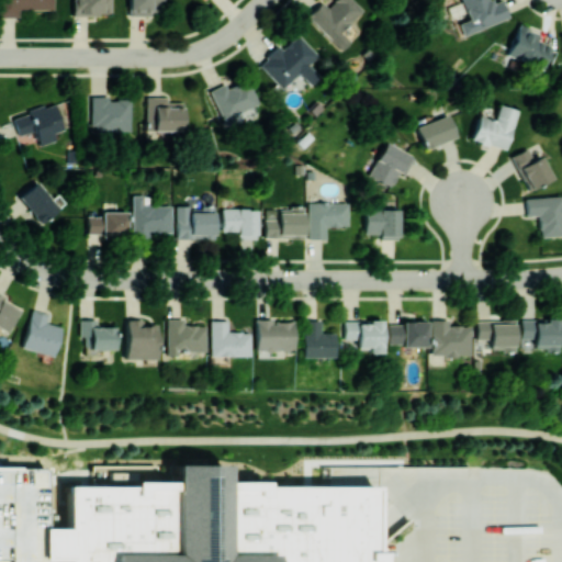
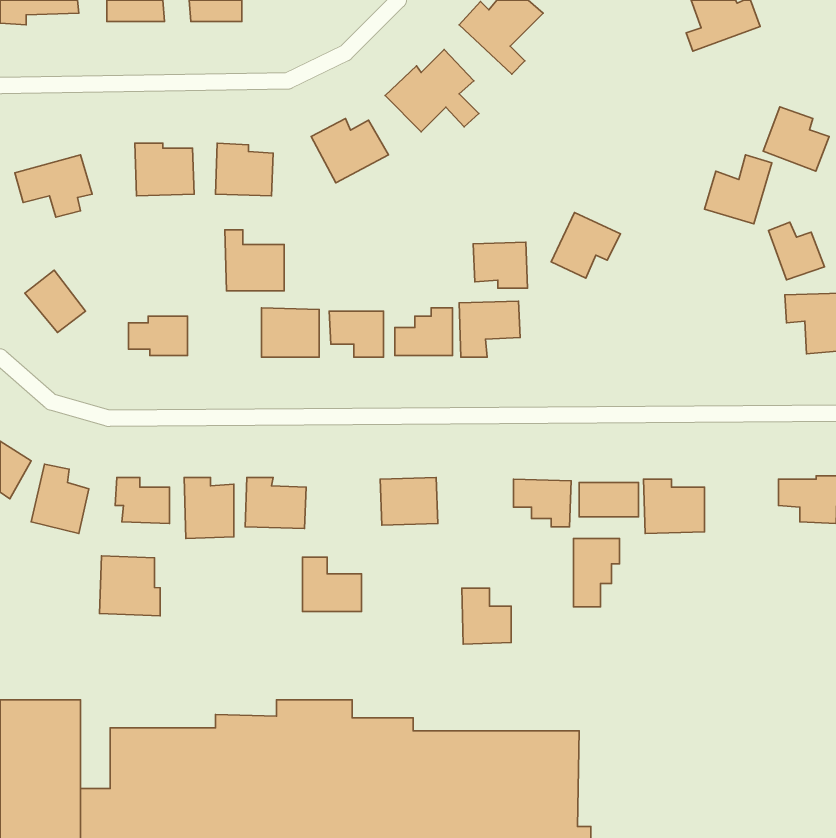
building: [509,26,553,69] -> [763,107,829,171]
building: [417,115,459,150] -> none
building: [133,196,172,237] -> [225,230,284,291]
building: [366,210,402,240] -> [473,242,528,288]
building: [212,322,251,358] -> [302,557,362,612]
building: [304,322,337,359] -> [462,588,511,644]
building: [479,322,517,352] -> none
building: none -> [573,538,620,607]
building: none -> [99,556,160,616]

